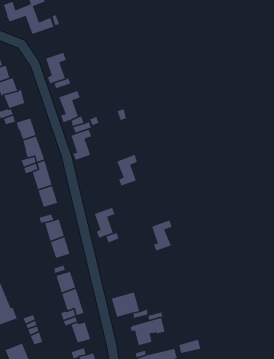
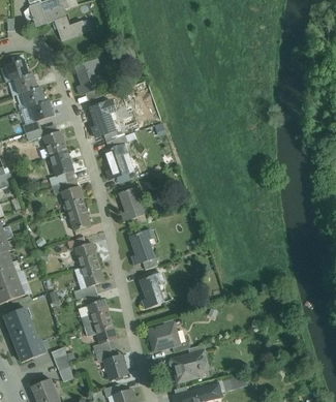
building: [116,154,138,187] -> [118,185,142,221]
building: [151,220,173,252] -> [140,273,163,308]

